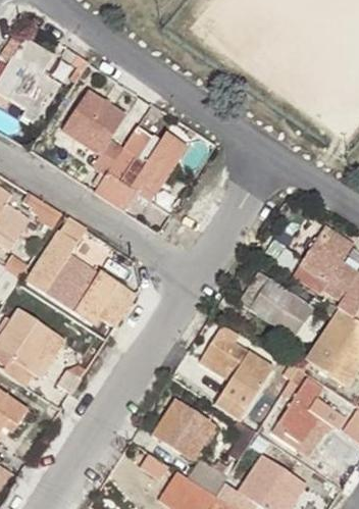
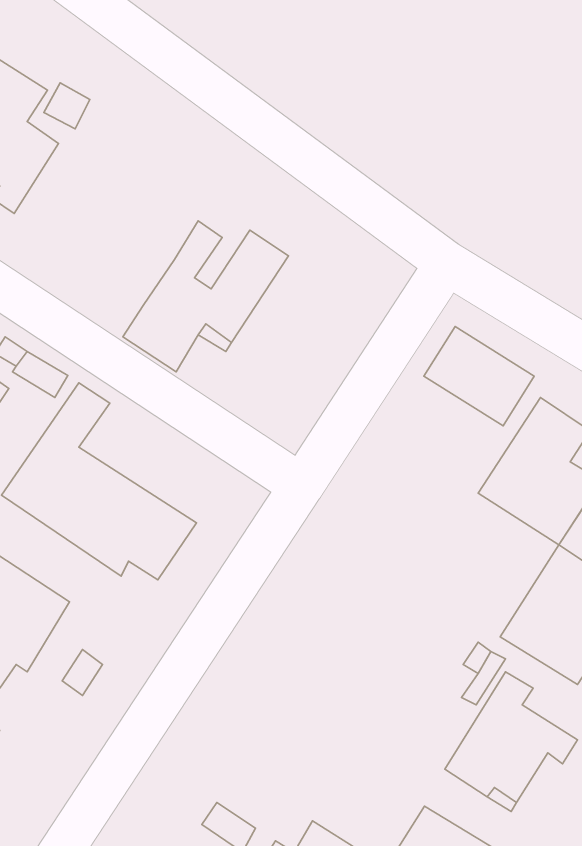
building: [62,90,125,174] -> none
building: [251,279,312,335] -> [424,326,534,426]
building: [199,325,272,421] -> none
building: [151,399,215,461] -> none

